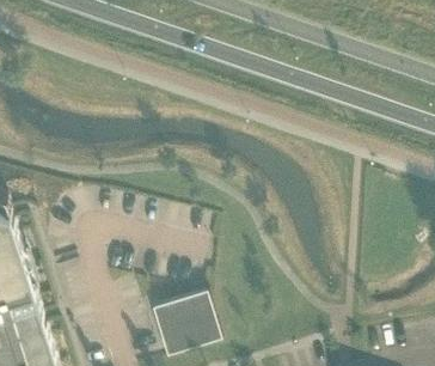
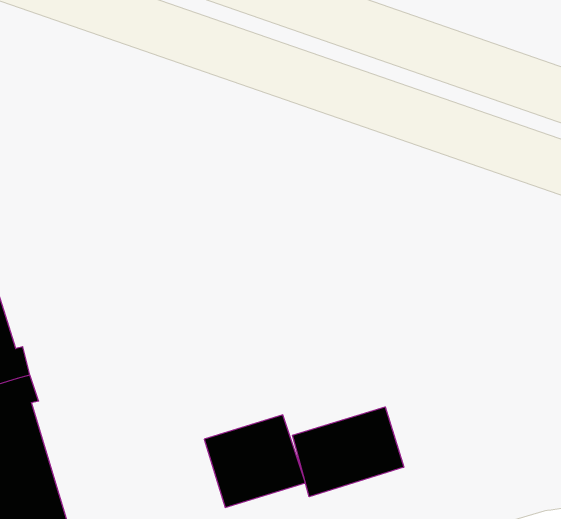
building: none -> [292,407,404,497]

